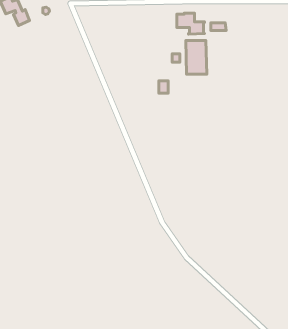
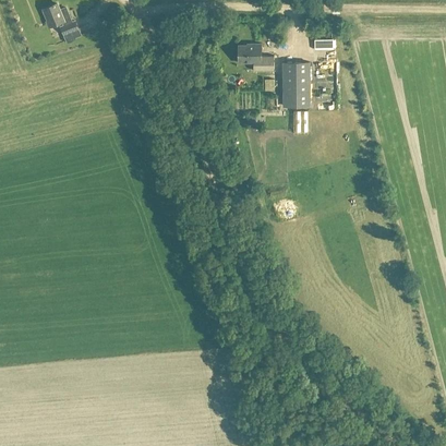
building: [177,13,204,34] -> [237,44,273,71]

